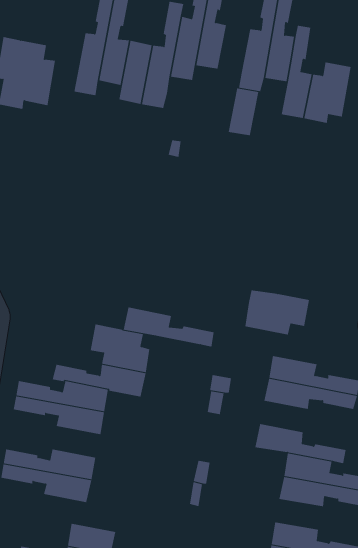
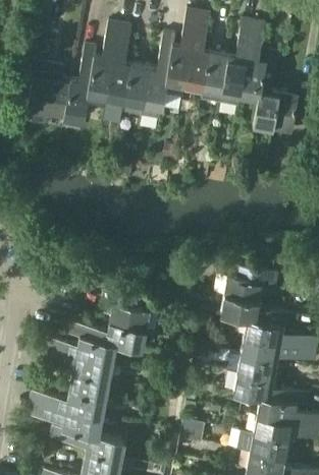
building: none -> [66,46,98,120]
building: [228,88,259,136] -> [204,52,229,91]
building: [123,307,215,347] -> [221,295,296,328]
building: none -> [237,355,277,380]
building: none -> [69,375,109,401]
building: none -> [50,428,124,461]
building: none -> [250,434,289,459]

